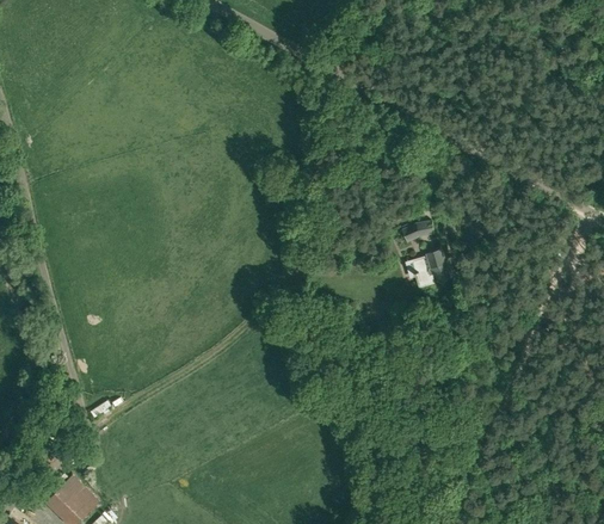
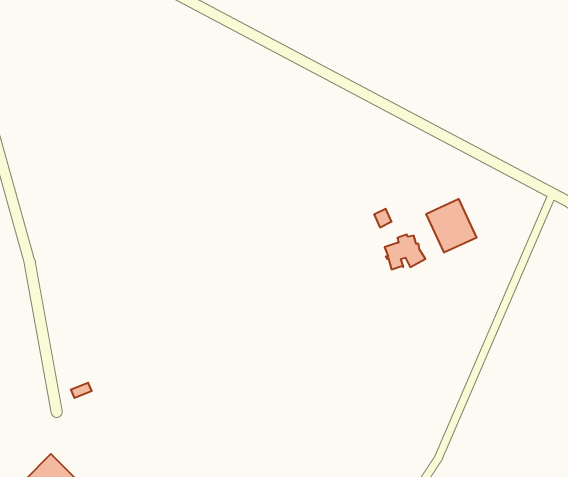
building: none -> [426,199,477,253]

